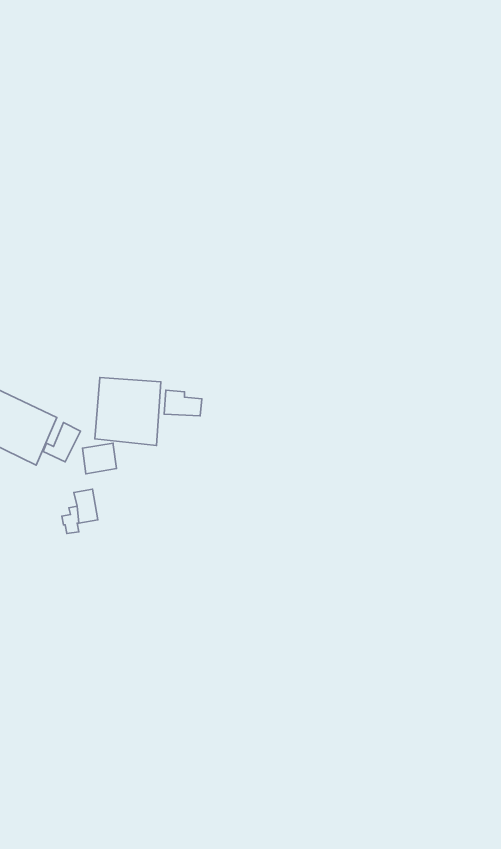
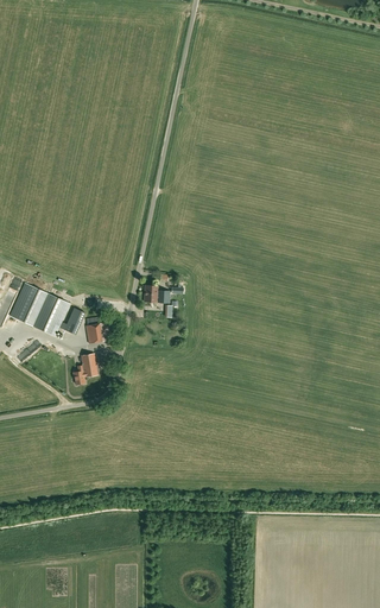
building: [95,377,161,445] -> none

